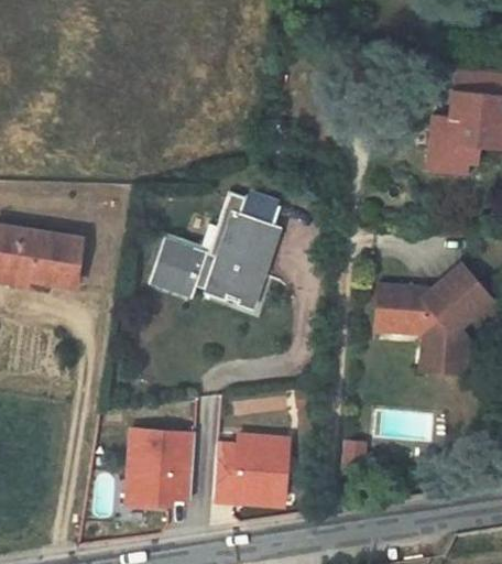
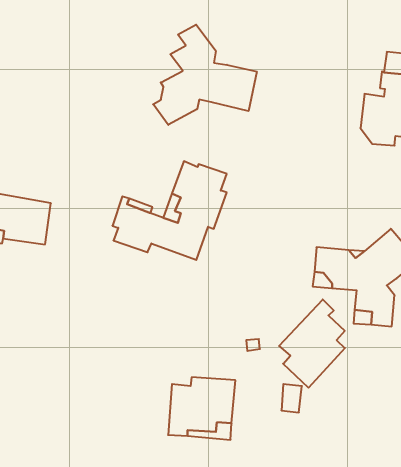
building: none -> [153,25,257,125]
building: none -> [279,299,345,388]
building: [126,427,196,505] -> none

